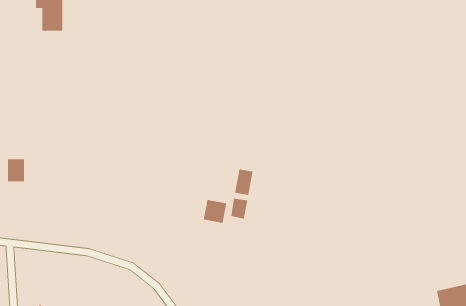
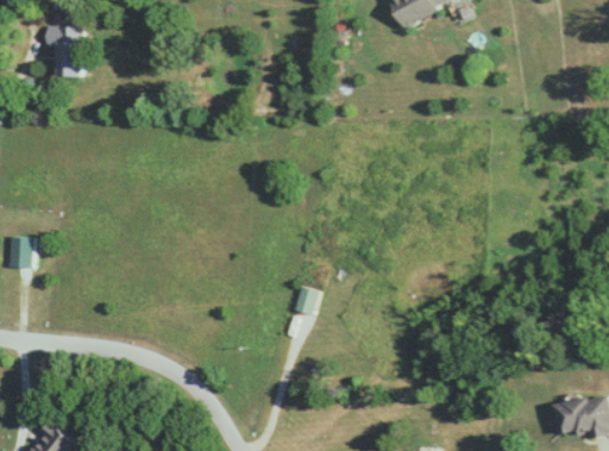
building: [234,168,254,196] -> none
building: [203,199,227,224] -> none

